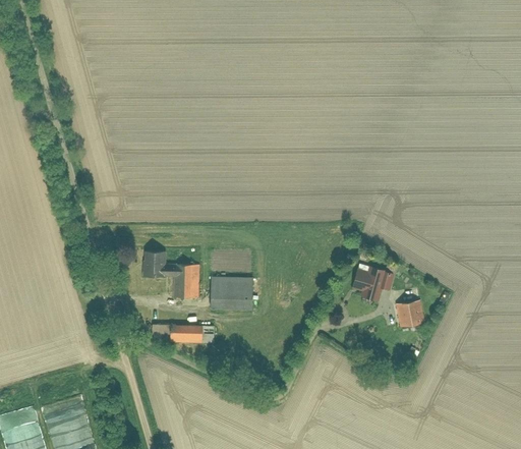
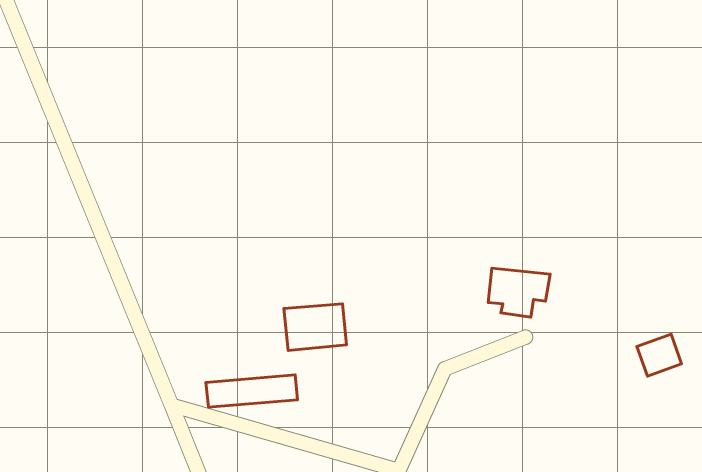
building: [147,252,199,297] -> none
building: [395,300,424,328] -> [637,334,681,376]

